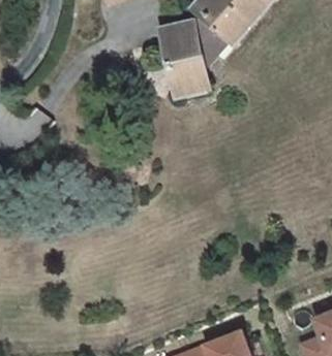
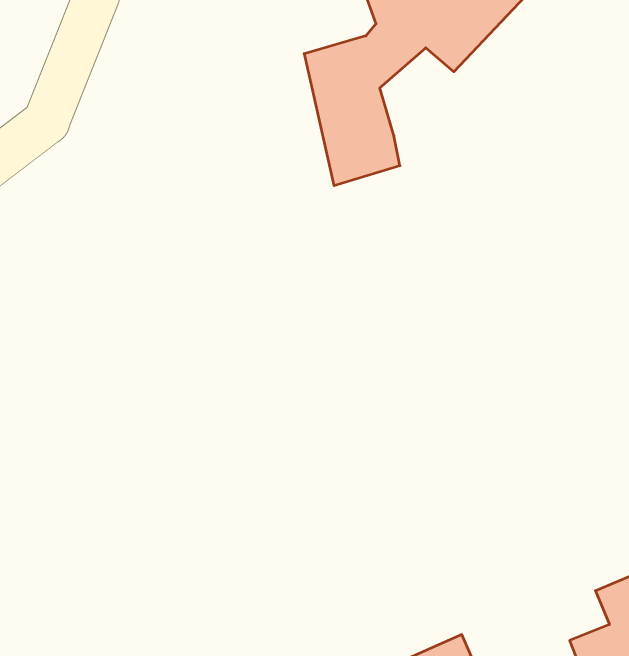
building: [198,26,236,71] -> none

